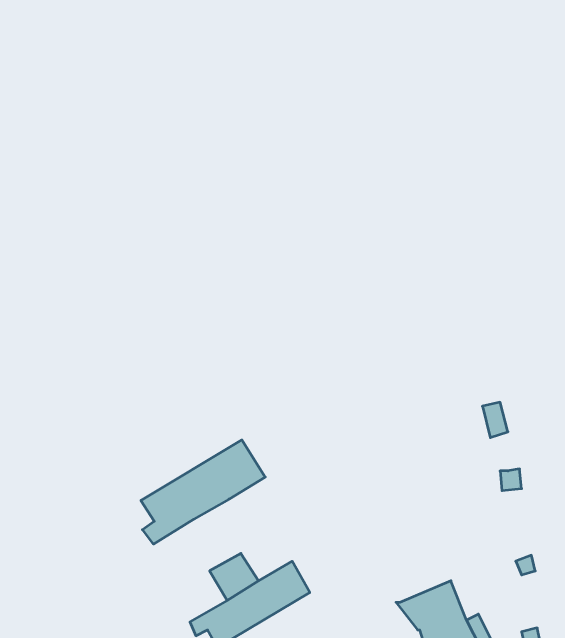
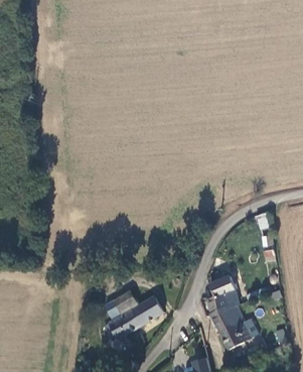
building: [141,440,265,544] -> none
building: none -> [204,276,238,317]

